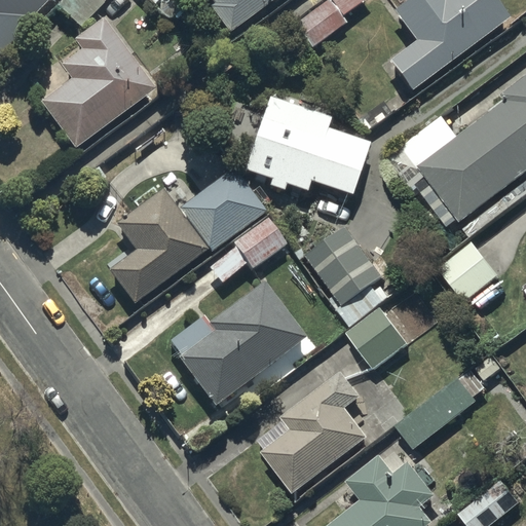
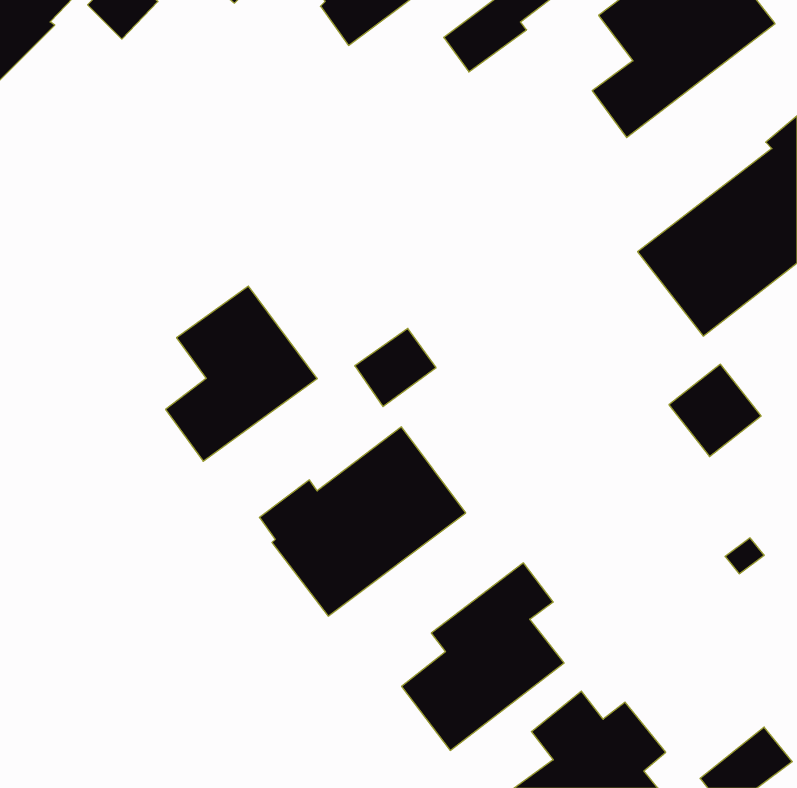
building: [40,16,155,147] -> none
building: [245,97,370,195] -> none
building: [180,166,266,250] -> none
building: [307,224,392,324] -> none
building: [348,305,410,367] -> none
building: [398,367,487,447] -> none

